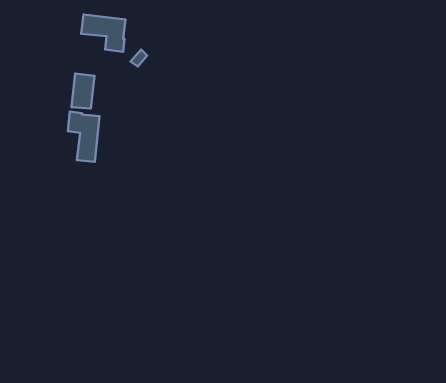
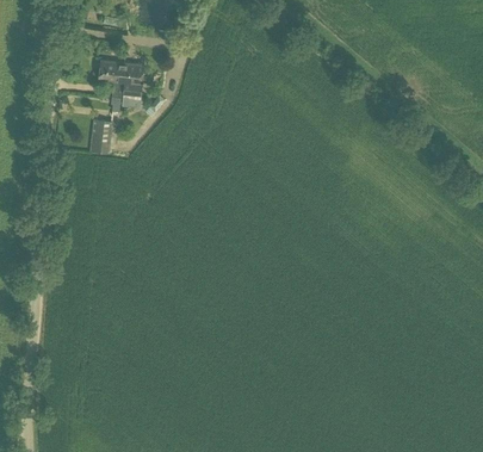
building: [68,112,100,162] -> none

